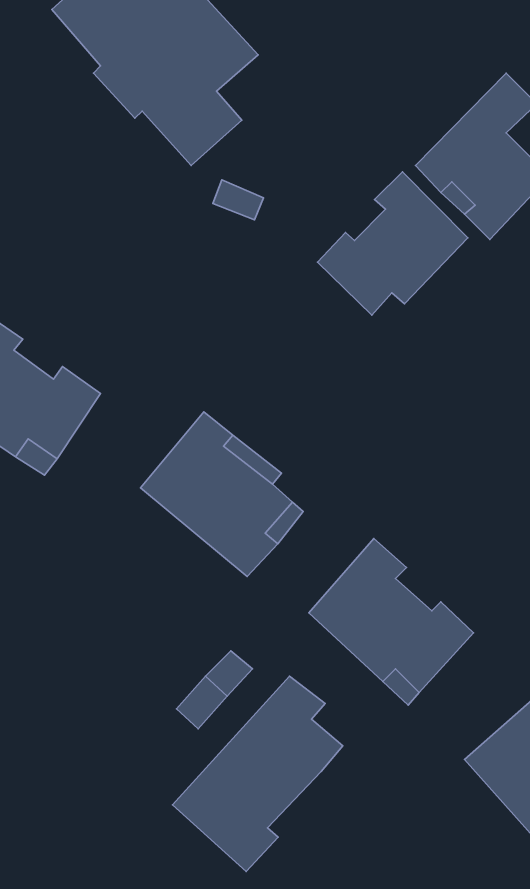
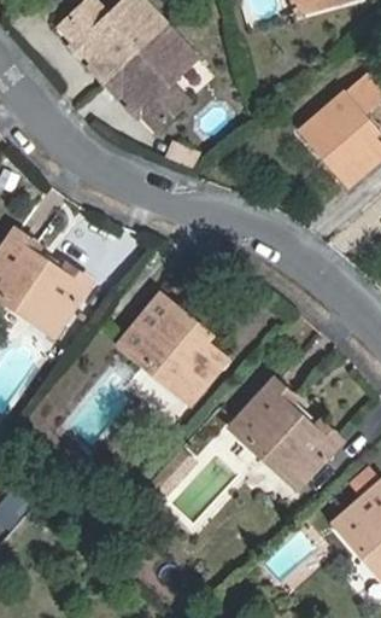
building: [318,172,468,315] -> none
building: [173,676,343,872] -> none

